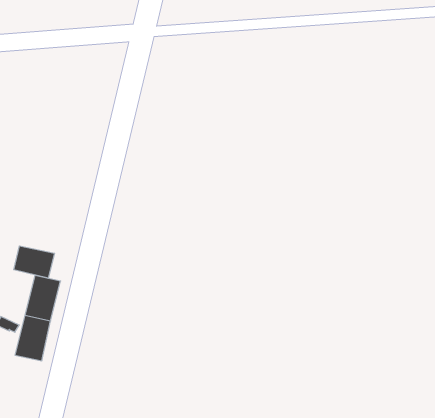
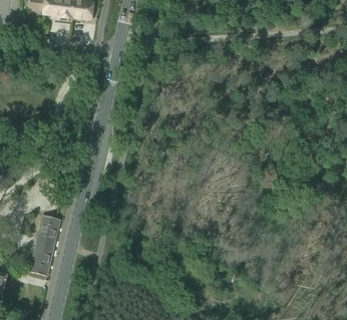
building: [14,246,55,278] -> none

